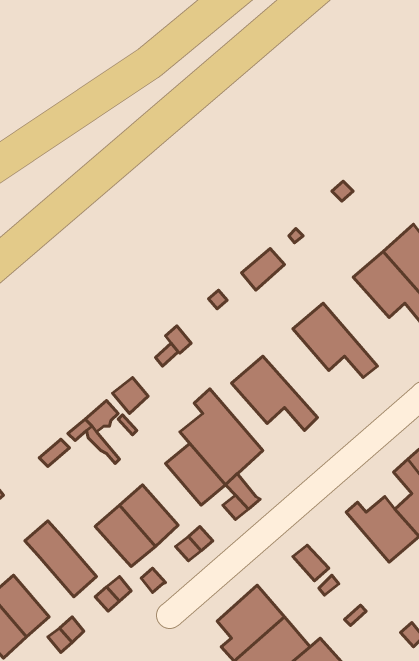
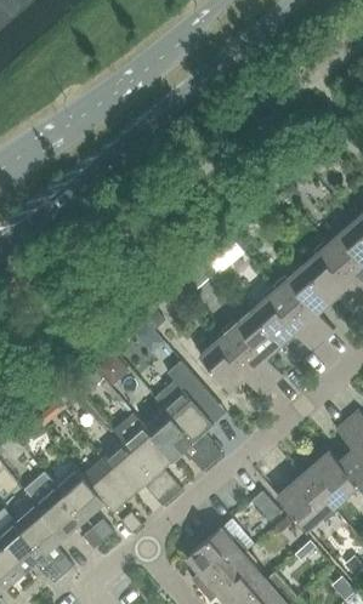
building: none -> [276,267,333,342]
building: none -> [225,310,280,386]
building: none -> [113,414,172,477]
building: none -> [53,466,104,520]
building: none -> [276,466,331,530]
building: none -> [13,502,64,554]

